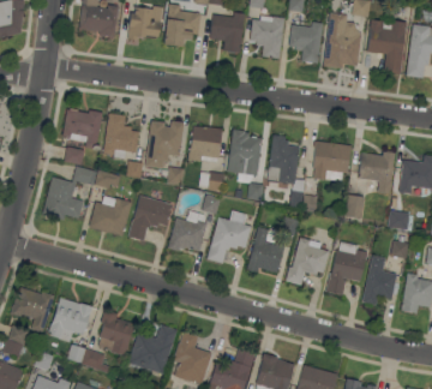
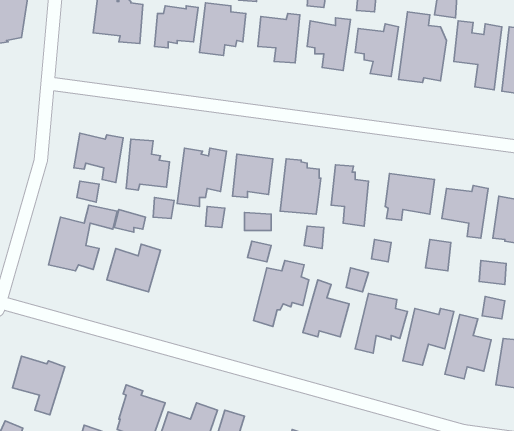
building: [128,196,172,240] -> none
building: [167,217,206,251] -> none
building: [48,298,96,342] -> none

